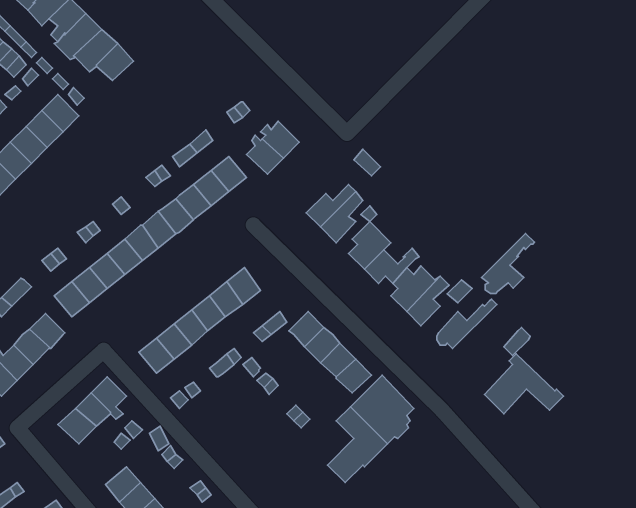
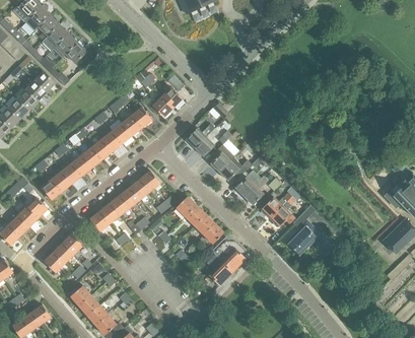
building: [482,233,534,293] -> [270,192,300,226]

